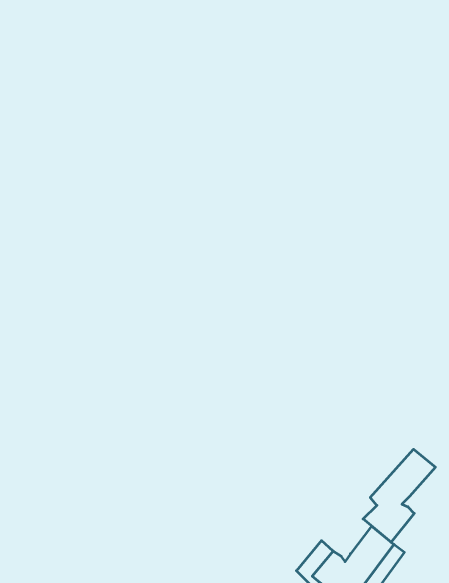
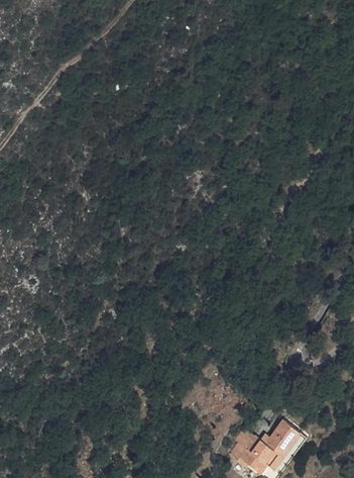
building: [363,449,435,542] -> none

